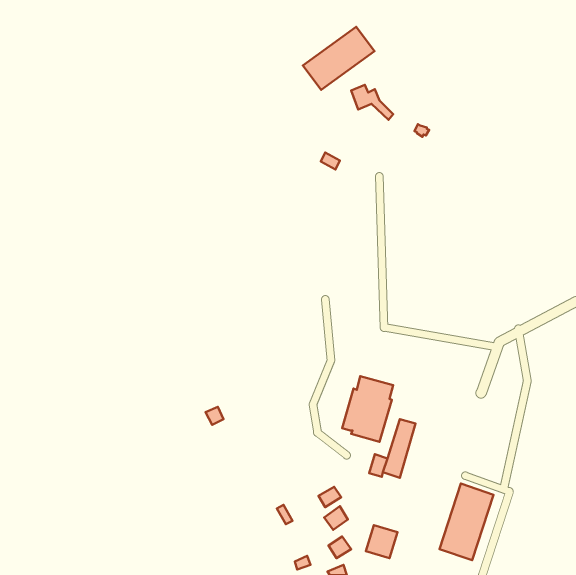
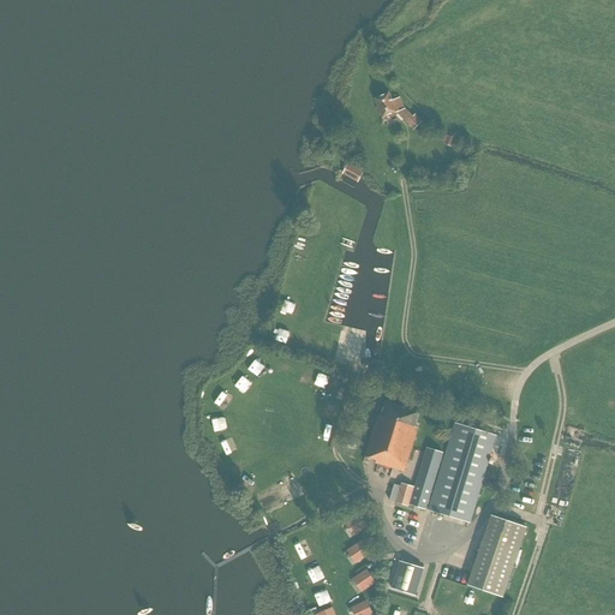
building: [303,27,374,90] -> none
building: none -> [428,422,495,521]

